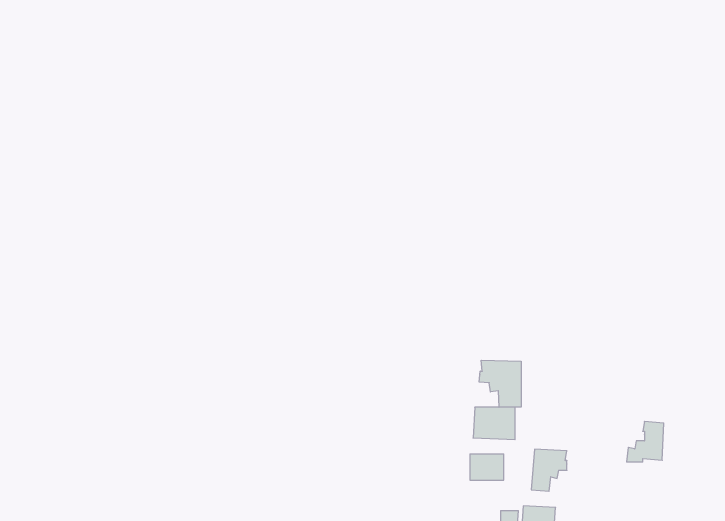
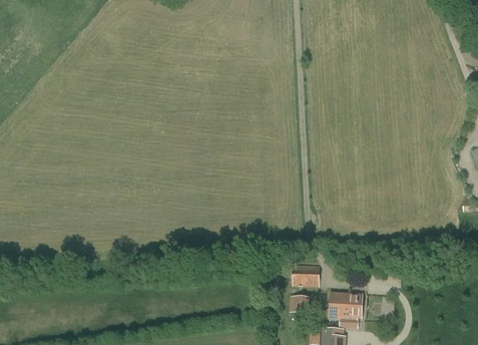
building: [479,360,521,407] -> none
building: [627,421,664,462] -> [341,293,364,318]

